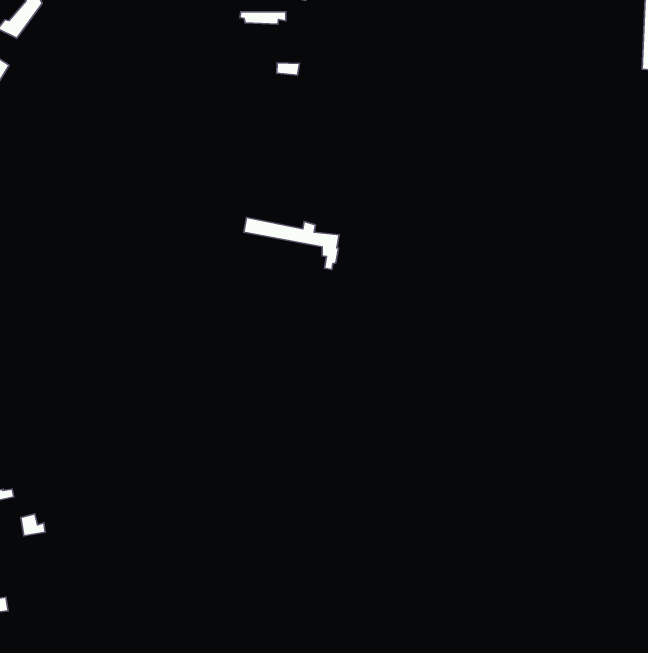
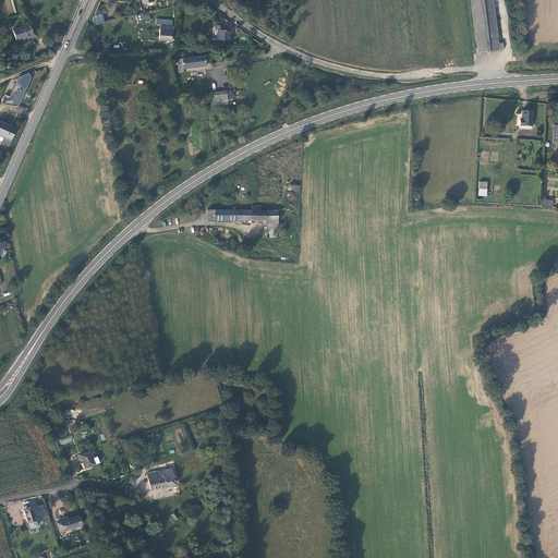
building: none -> [143,468,177,489]

